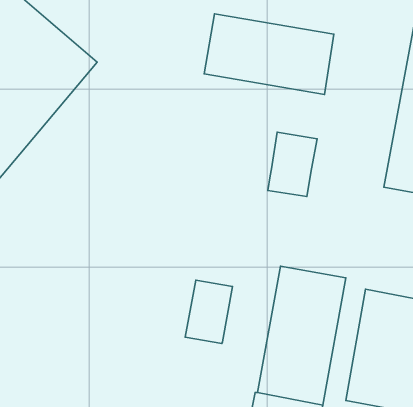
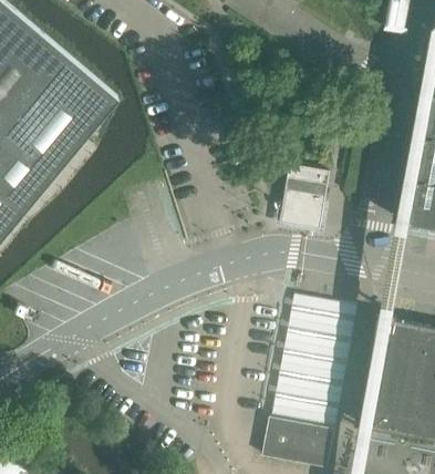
building: [204,14,334,95] -> none
building: [185,280,232,344] -> none

